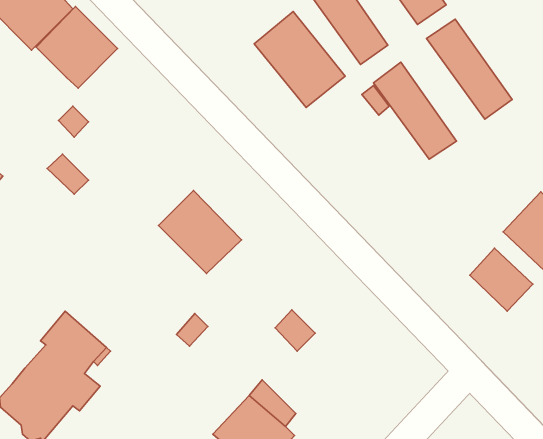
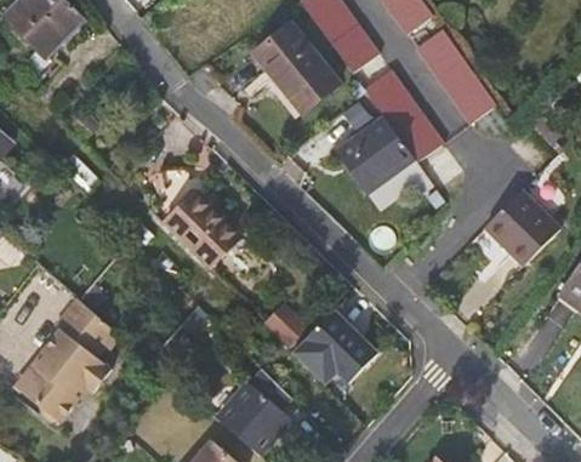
building: [36,6,118,88] -> none
building: none -> [336,116,415,193]
building: [470,248,533,311] -> none
building: none -> [294,304,383,383]

